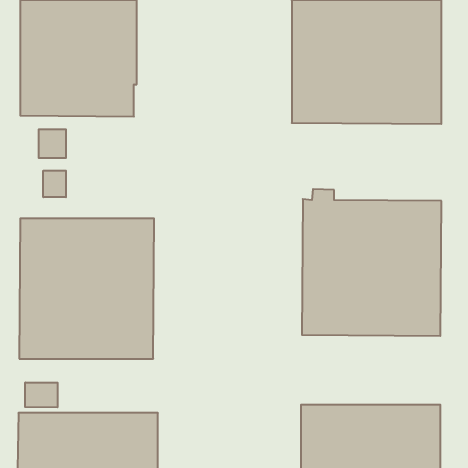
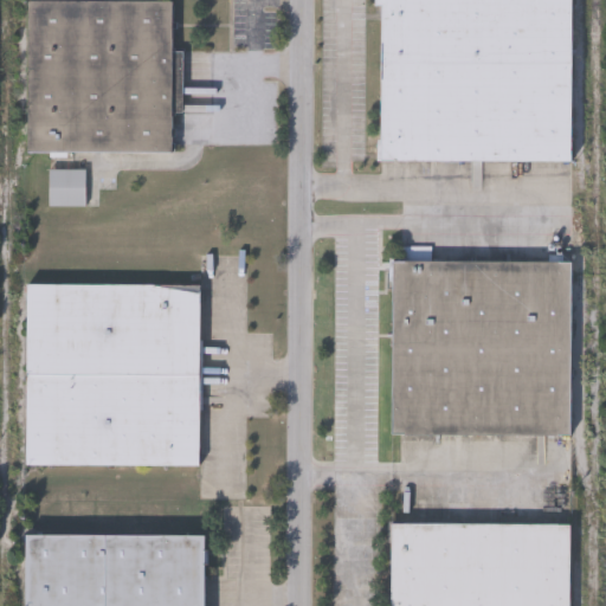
building: [43,171,66,197] -> none
building: [25,382,58,407] -> none

